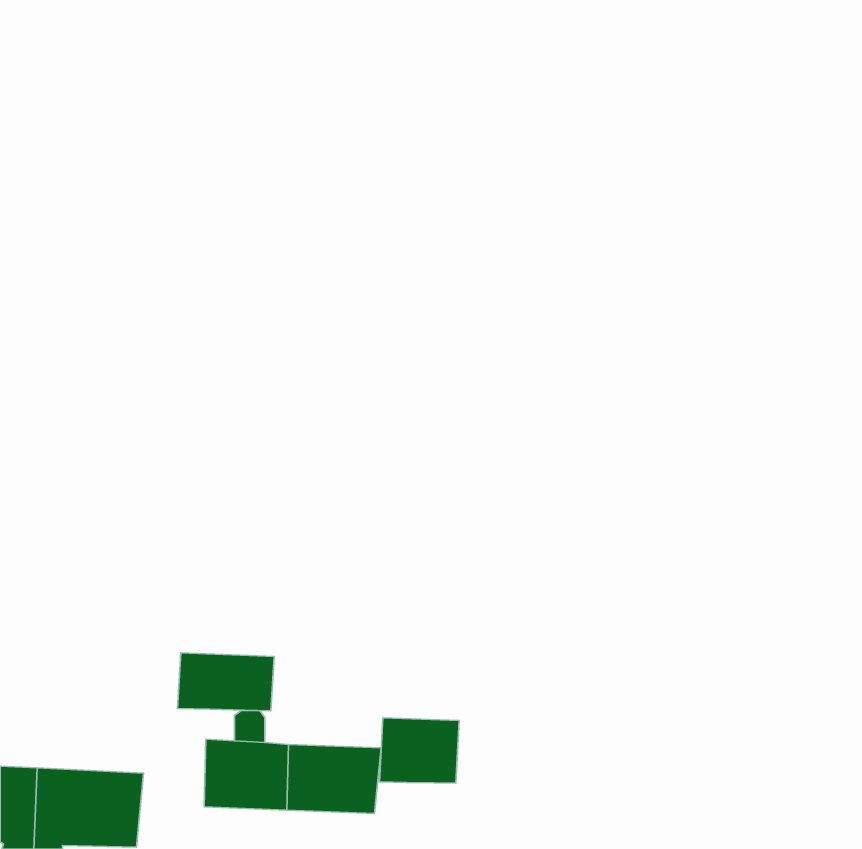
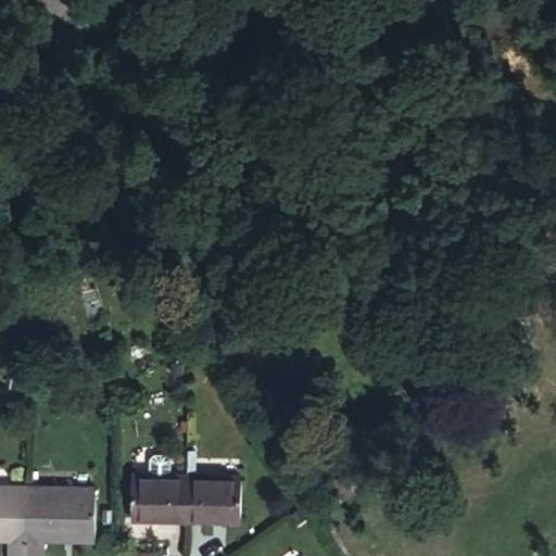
building: [177,653,274,711] -> none
building: [379,718,459,783] -> none

